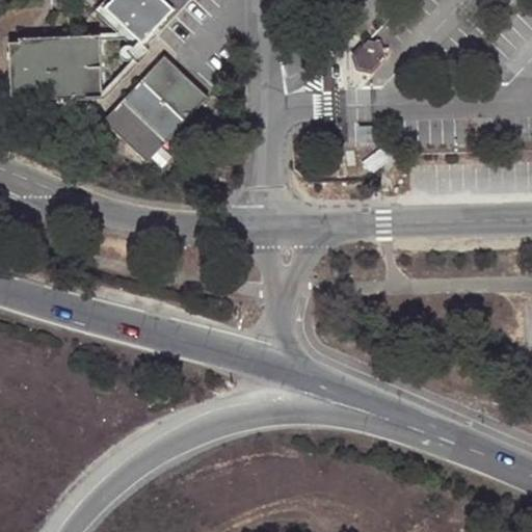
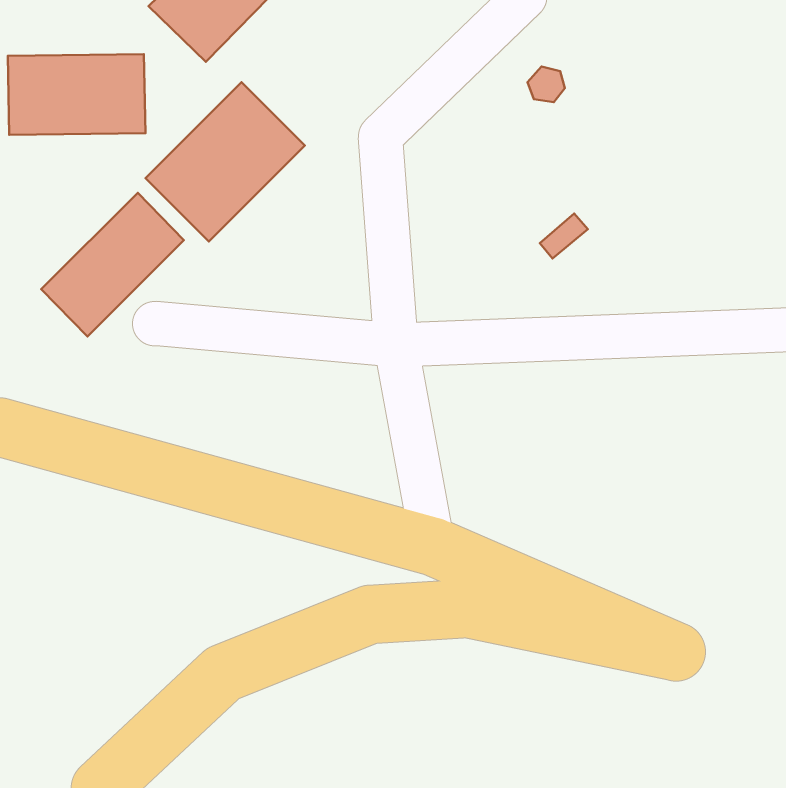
building: none -> [41,193,184,336]

